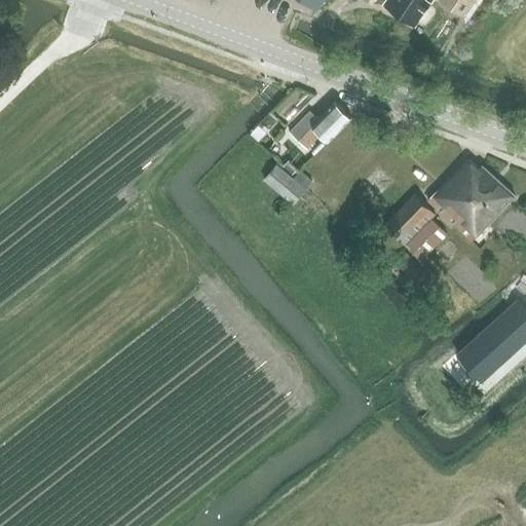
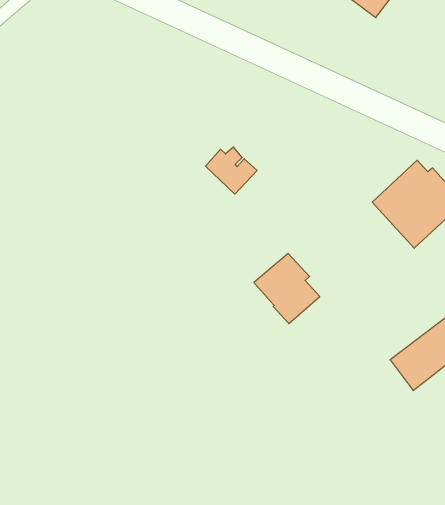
building: [289,102,351,150] -> none
building: [383,195,448,263] -> [254,253,320,324]

